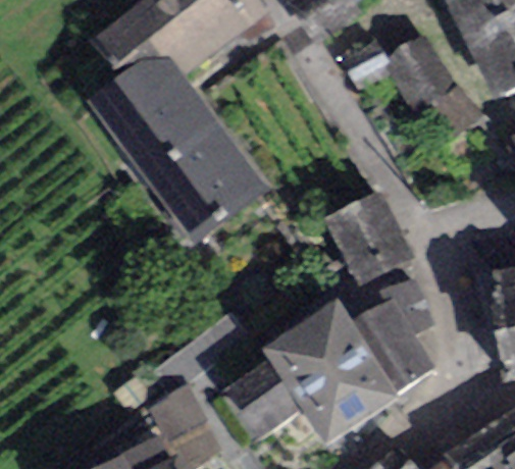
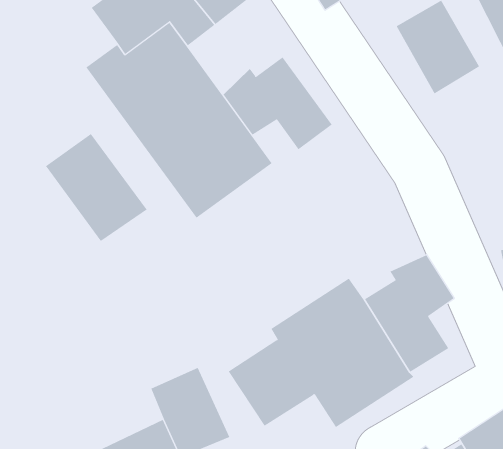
building: none -> [223,57,333,150]
building: none -> [45,133,147,242]
building: [329,195,409,280] -> none

